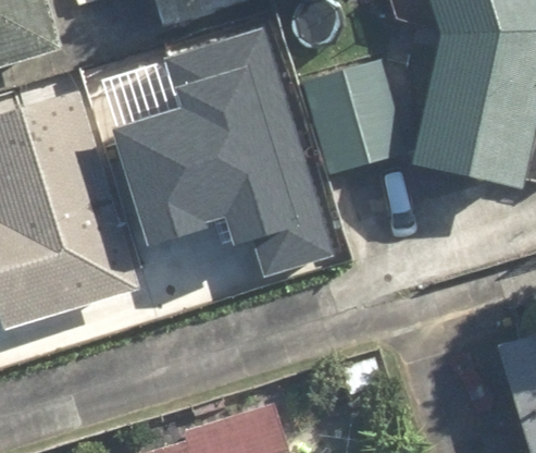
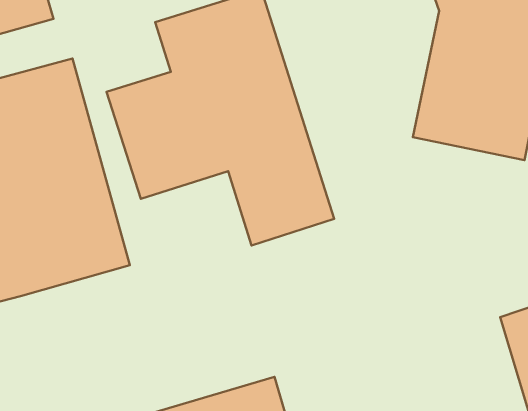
building: [306,59,407,174] -> none

